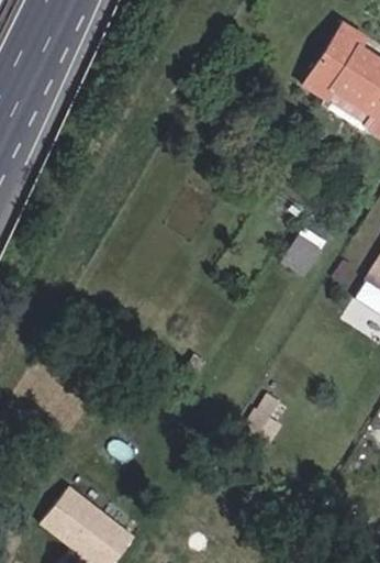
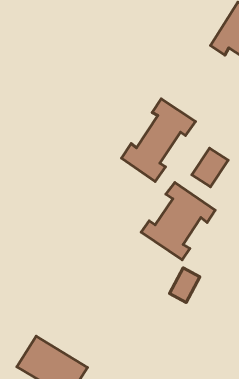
building: none -> [122,99,195,181]
building: none -> [141,182,215,260]

